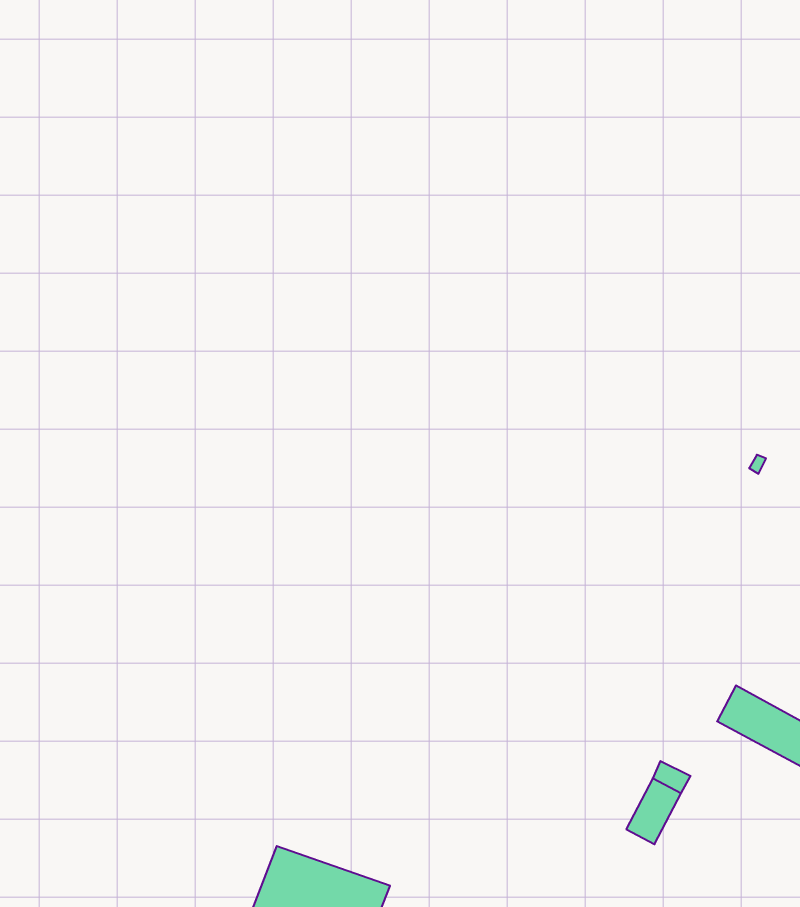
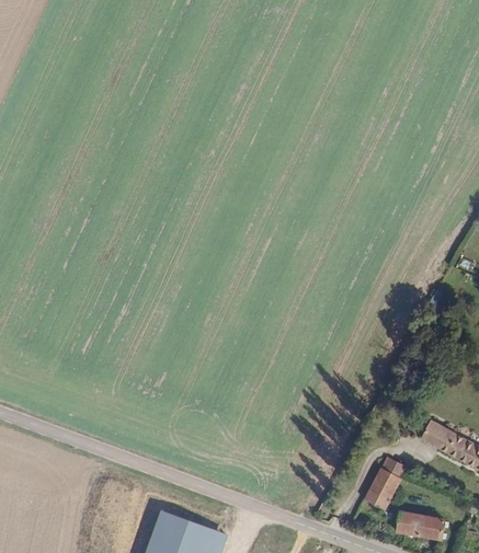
building: none -> [395,514,444,541]

